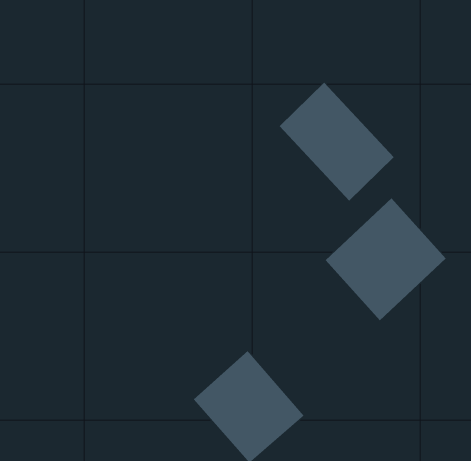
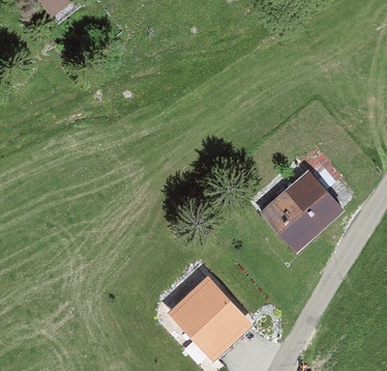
building: [279,82,395,202] -> none

